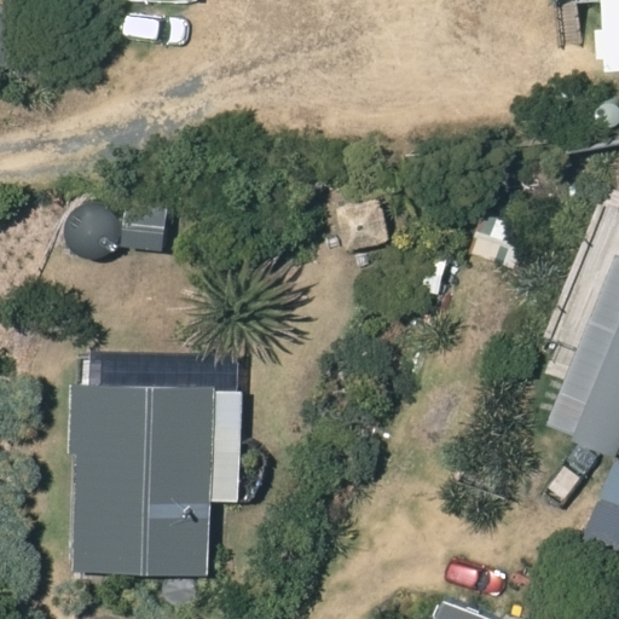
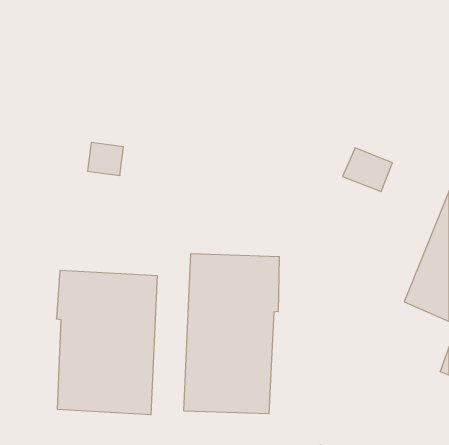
building: none -> [184,254,279,414]

